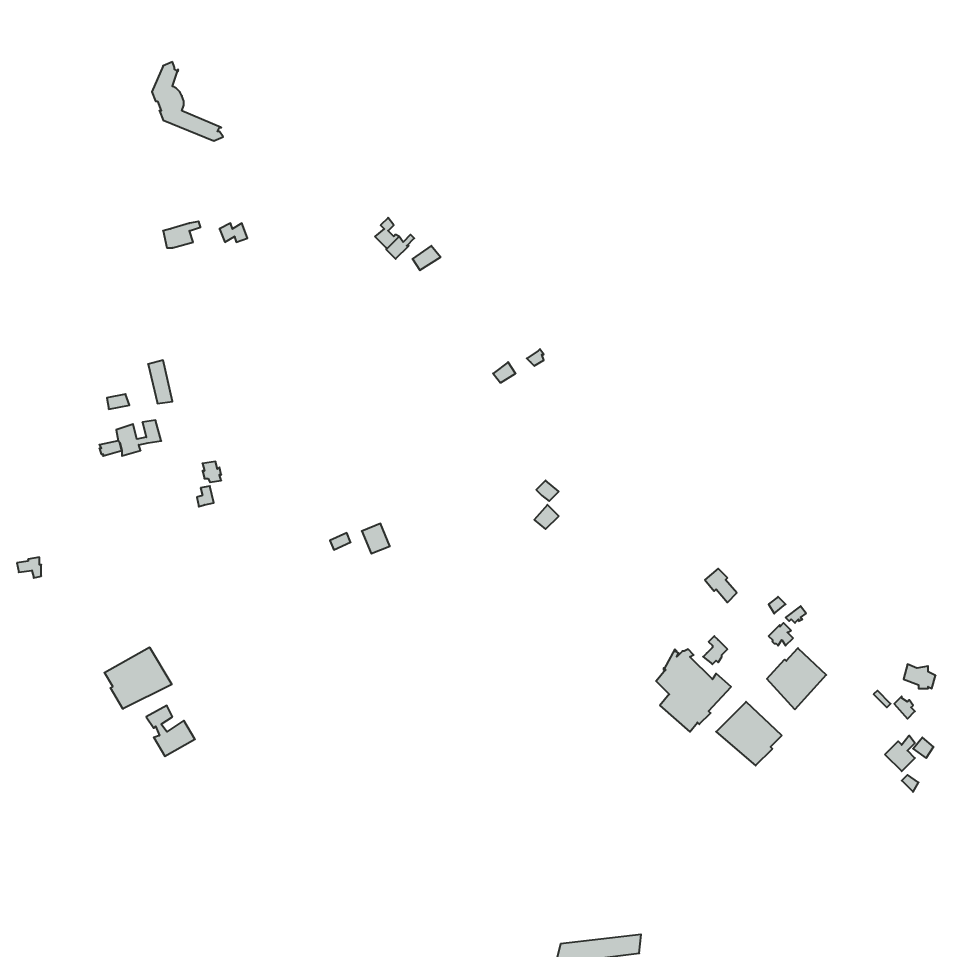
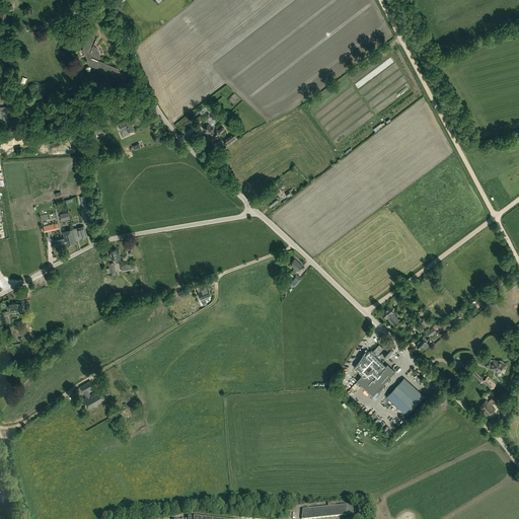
building: [104,647,172,709] -> none
building: [767,648,826,709] -> none

